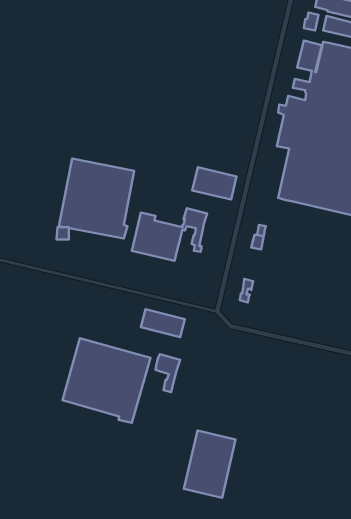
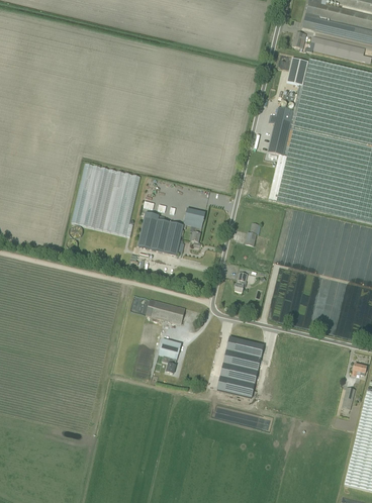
building: [192,167,237,200] -> none
building: [63,338,151,423] -> none
building: [184,430,236,498] -> [218,336,265,397]

